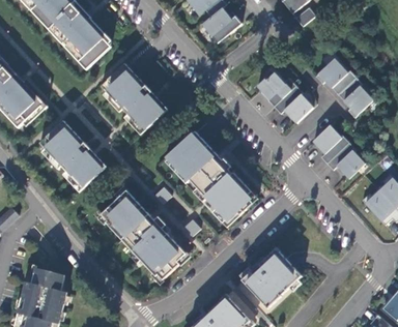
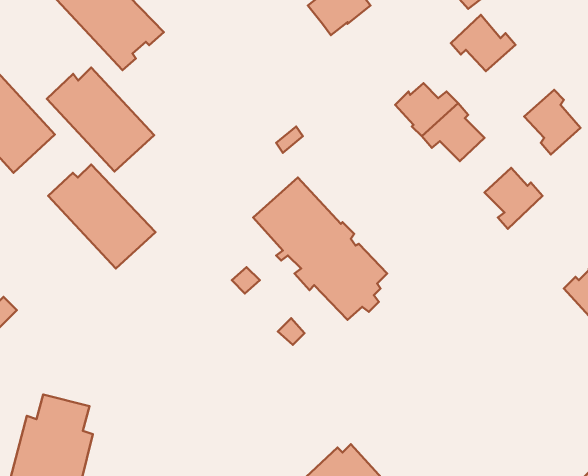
building: [315,58,356,93] -> [451,15,515,71]
building: [99,66,167,131] -> [47,67,154,172]
building: [326,143,365,178] -> none
building: [99,190,184,280] -> none
building: [240,251,302,309] -> none

